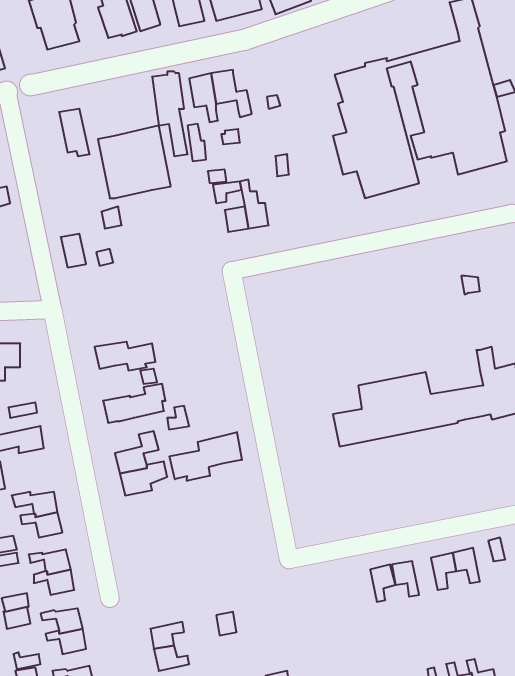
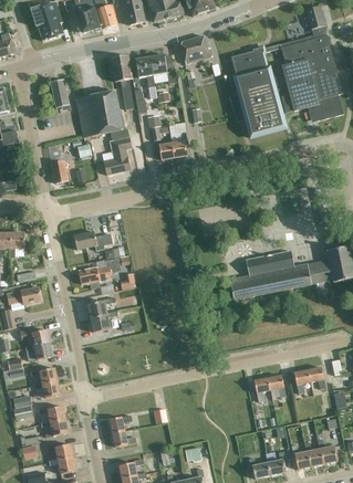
building: none -> [180,35,211,64]
building: none -> [103,128,132,174]
building: [170,432,242,481] -> none

